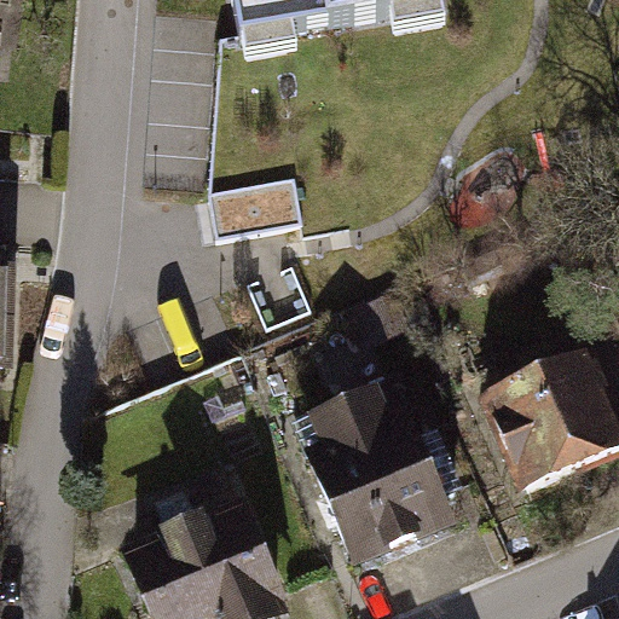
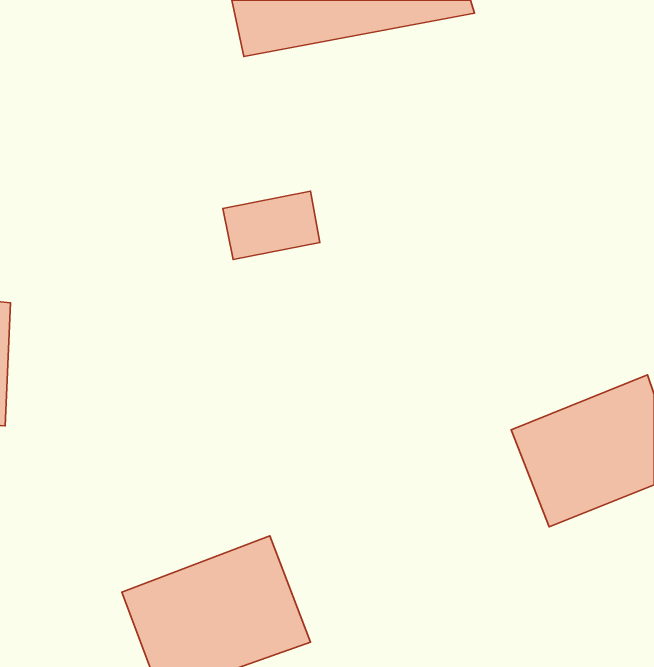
building: [301,381,457,549] -> none

